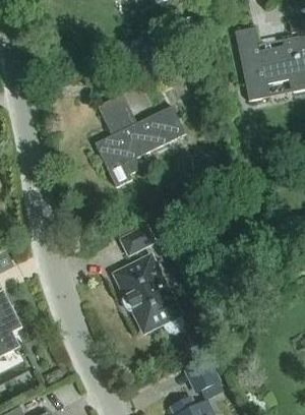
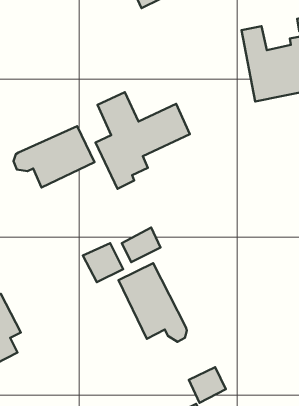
building: none -> [14,126,94,188]
building: none -> [83,243,123,282]

